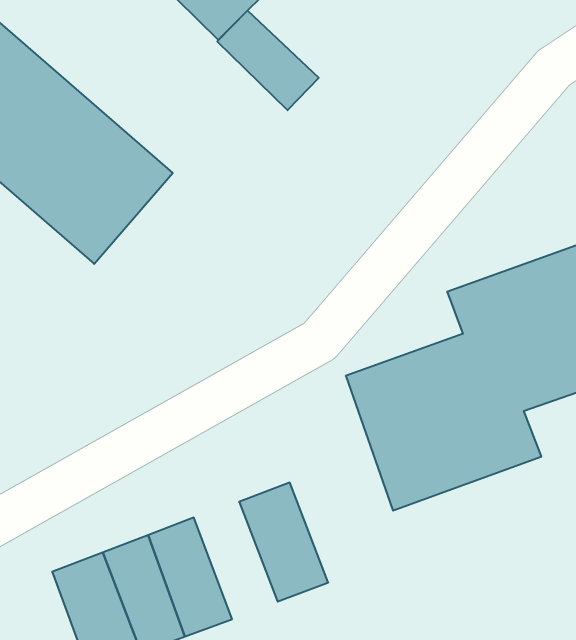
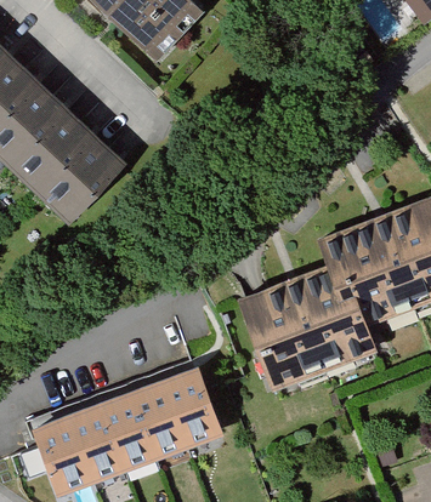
building: [217,10,319,110] -> none
building: none -> [136,382,194,463]

